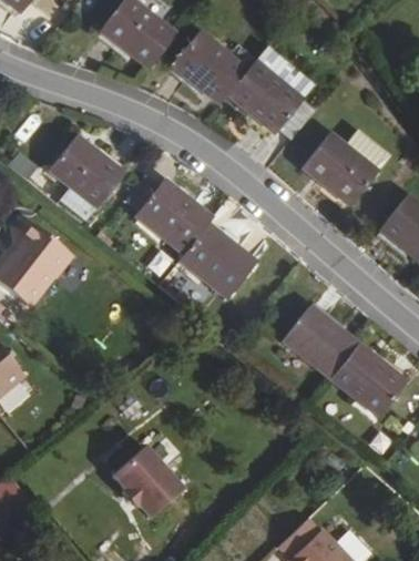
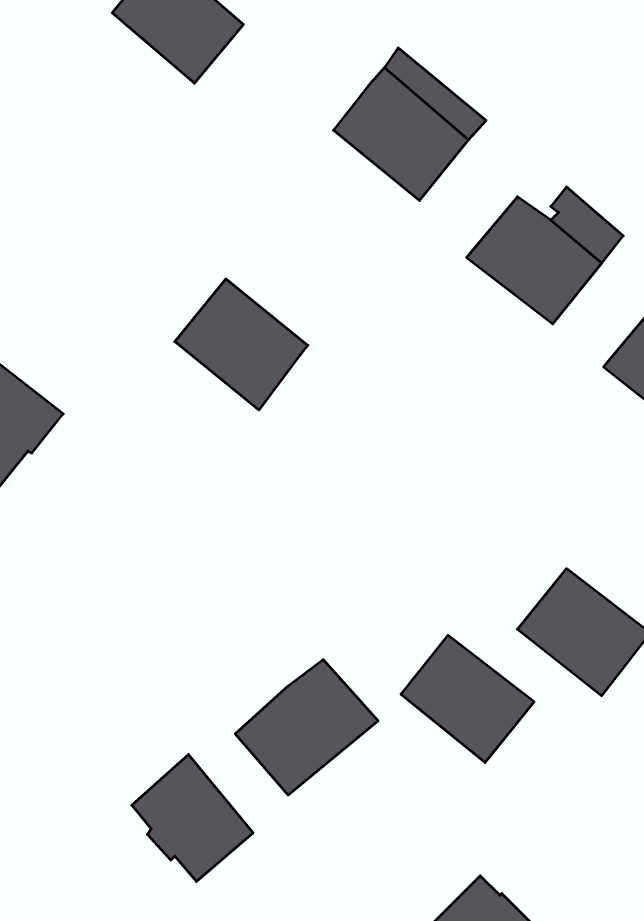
building: [171,31,246,104] -> none
building: [47,135,124,211] -> none
building: [178,223,256,298] -> none
building: [283,306,358,378] -> [401,635,534,763]
building: none -> [235,660,378,795]

